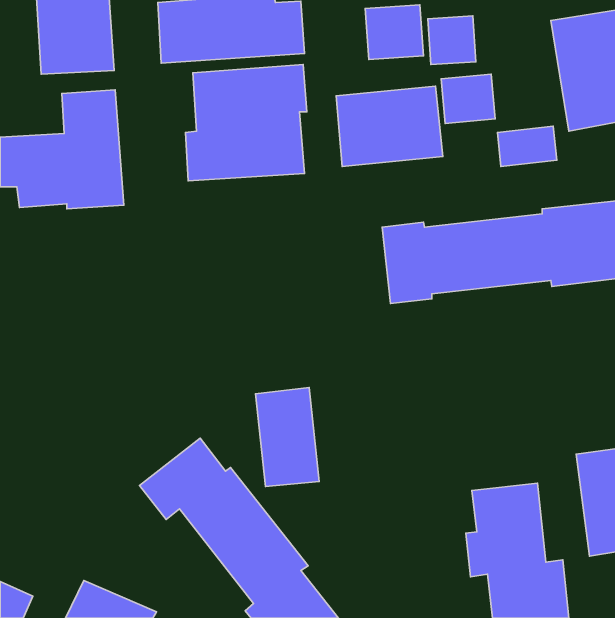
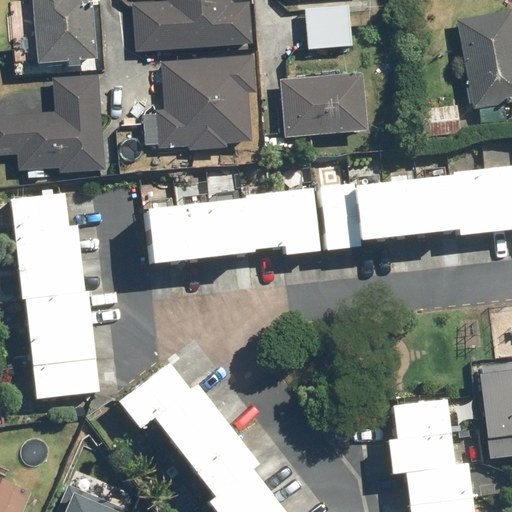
building: [428,16,476,65] -> none
building: [441,74,495,124] -> none
building: none -> [146,187,320,263]
building: none -> [10,193,98,399]
building: [256,388,319,487] -> none

